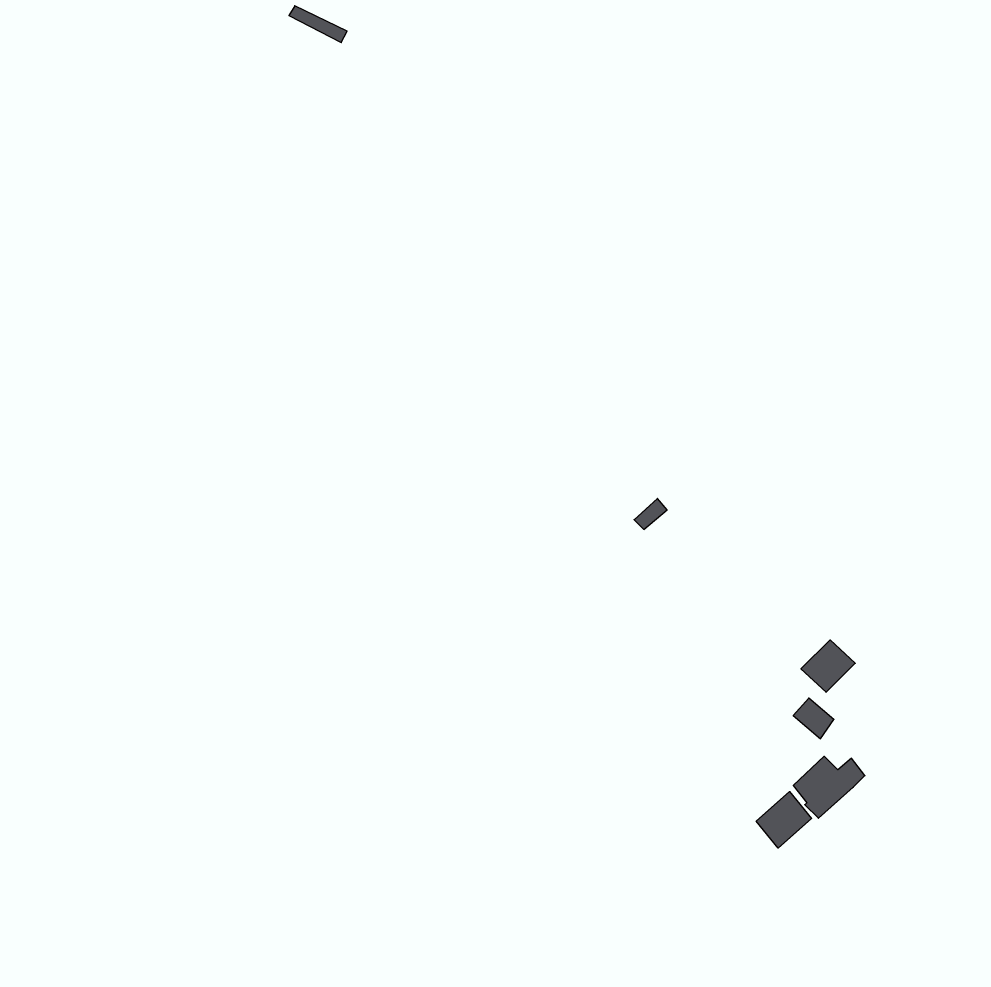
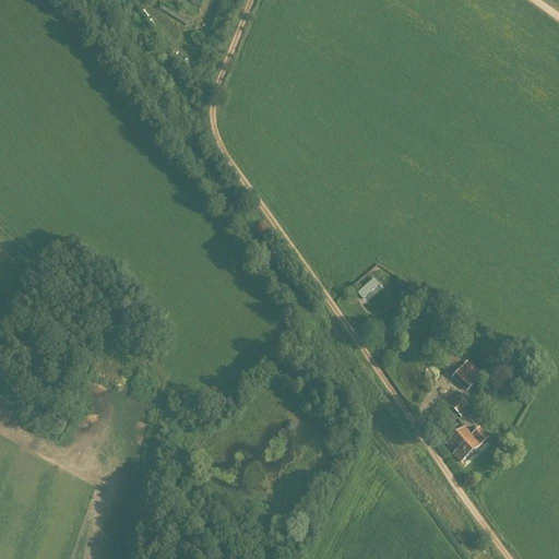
building: [756,792,812,848] -> none

